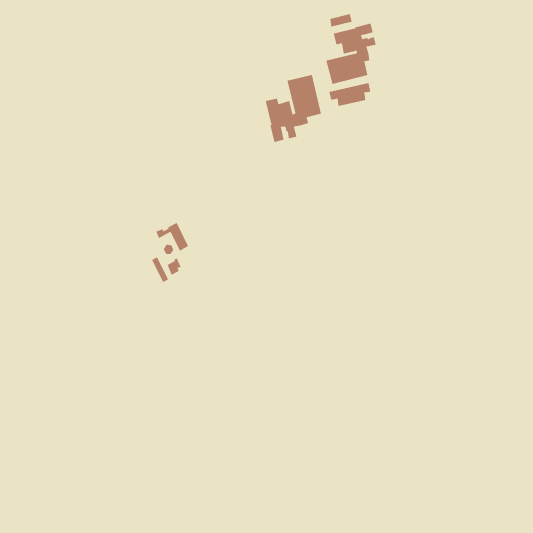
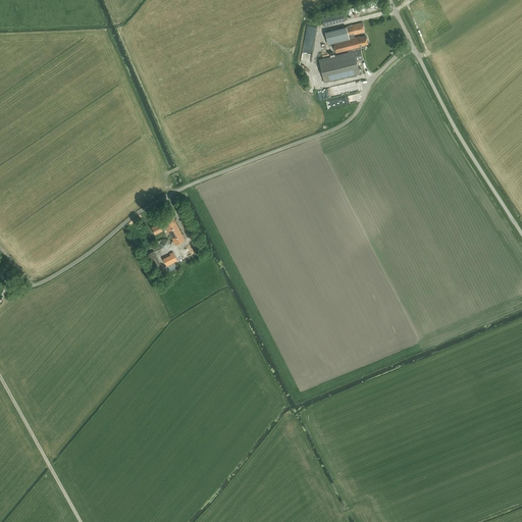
building: [265,74,321,143] -> none

